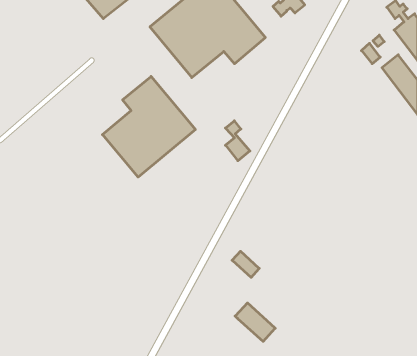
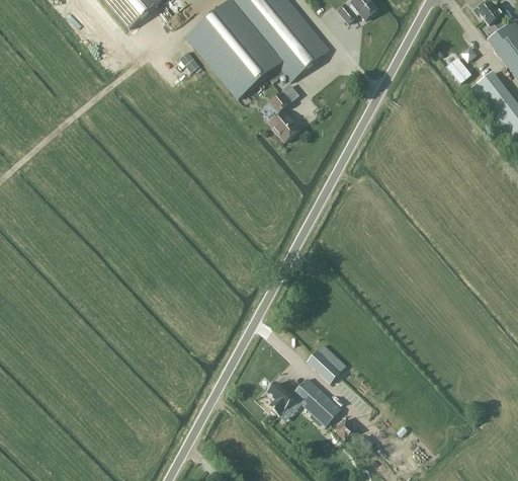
building: [102,76,195,177] -> none
building: [225,121,250,161] -> [269,92,299,142]
building: [232,251,259,277] -> [307,349,340,382]
building: none -> [266,381,294,414]

